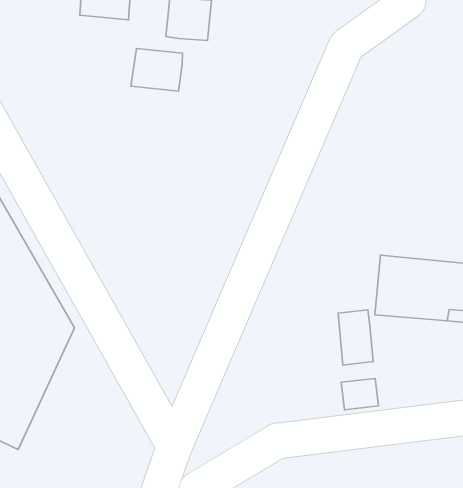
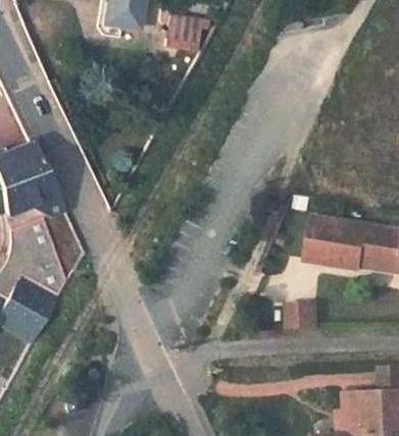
building: [131,49,182,91] -> none
building: [338,310,373,365] -> none

